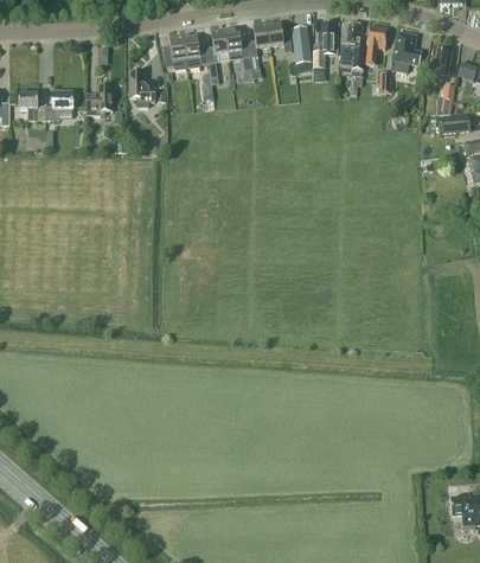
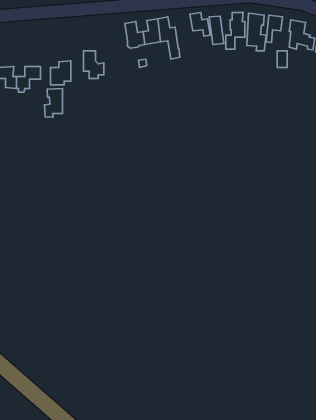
building: [249,24,271,68] -> none
building: [165,36,187,70] -> none
building: none -> [44,88,62,117]

